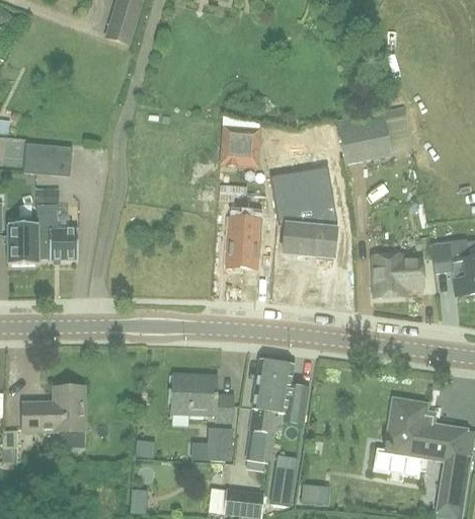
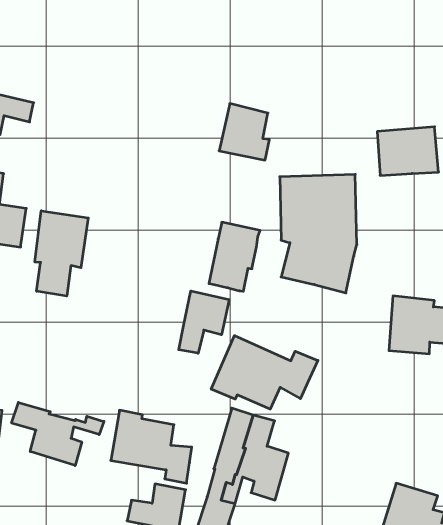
building: none -> [35,211,88,296]
building: none -> [179,291,229,353]
building: none -> [211,336,318,409]
building: none -> [12,402,104,466]

